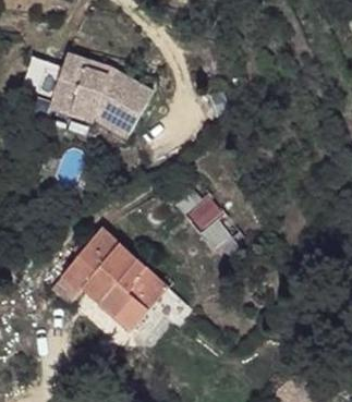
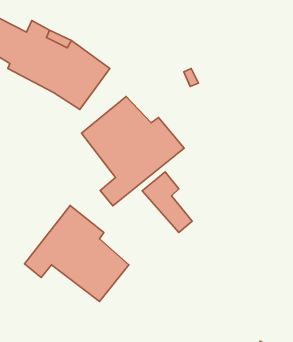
building: none -> [81,97,184,206]

